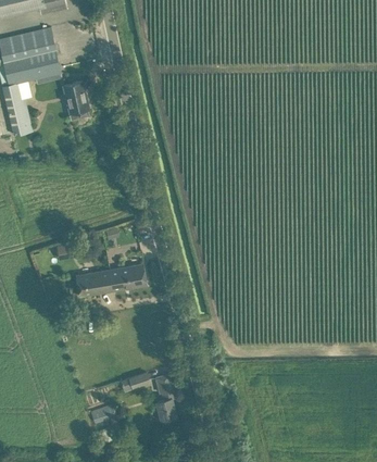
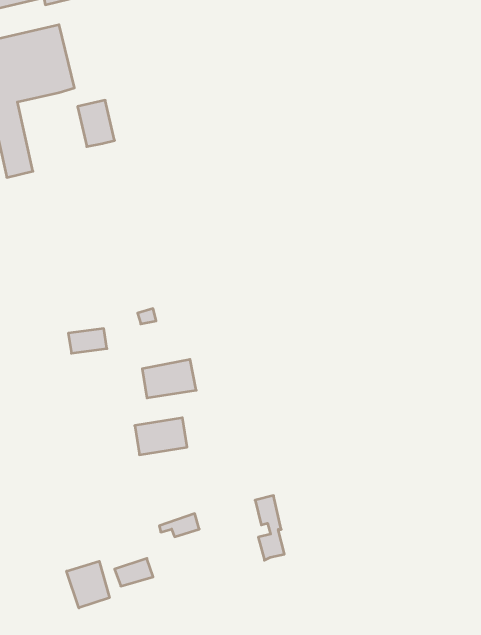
building: [75,270,112,296] -> [135,418,187,455]
building: [154,374,175,420] -> [255,496,284,560]
building: none -> [67,561,109,608]

